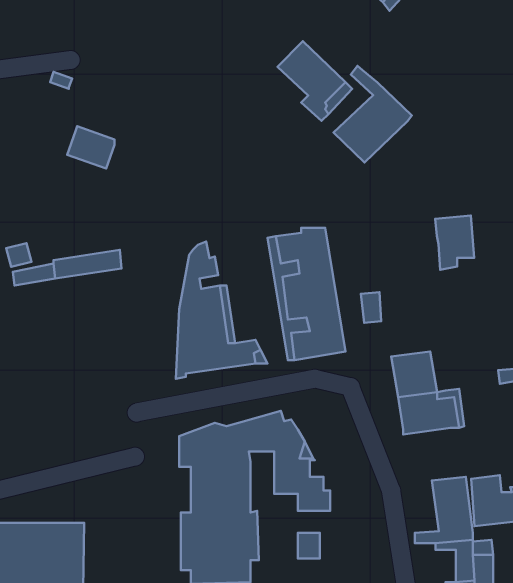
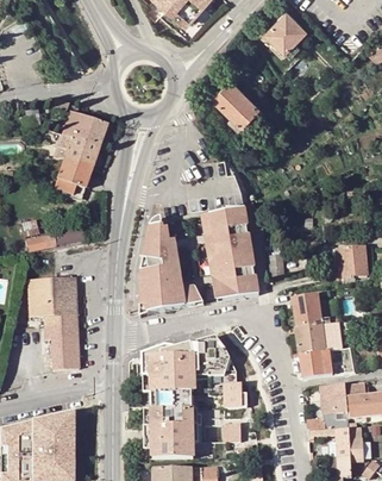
building: [333,66,412,163] -> none
building: none -> [62,111,106,146]
building: none -> [54,157,92,196]
building: [435,215,474,270] -> [342,245,369,283]
building: none -> [27,275,79,368]
building: none -> [300,349,336,379]

